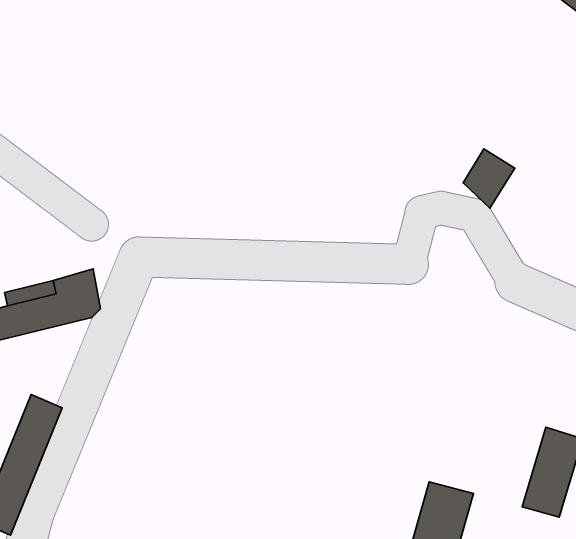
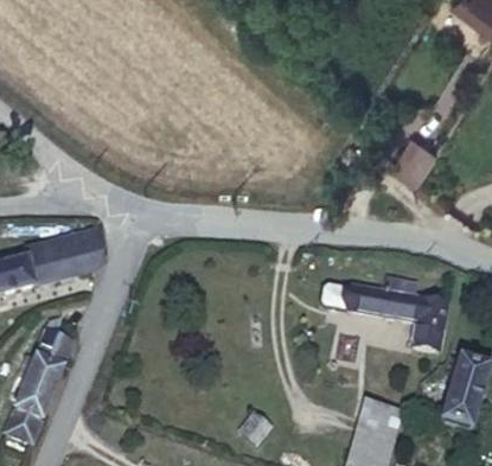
building: none -> [346,276,446,351]

